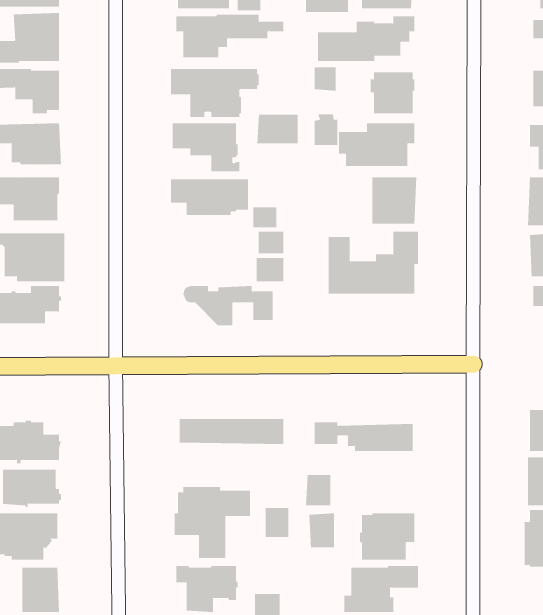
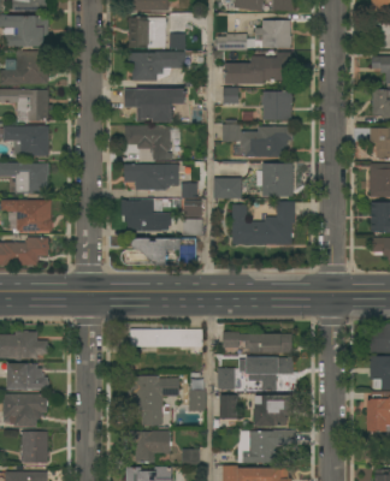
building: [256,114,298,144] -> [213,178,242,198]
building: none -> [126,200,162,232]
building: none -> [240,357,292,391]

